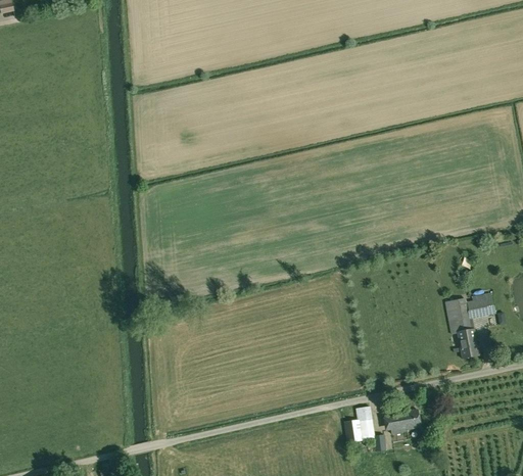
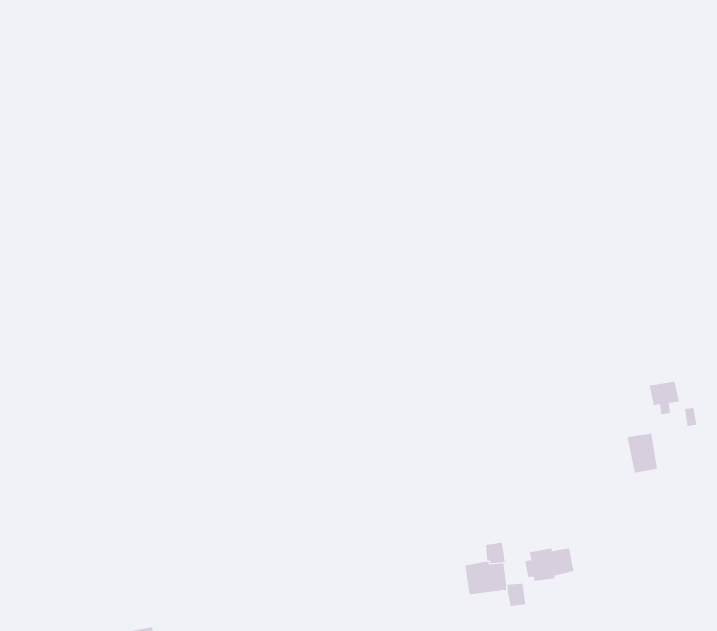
building: [444,297,471,334] -> none

